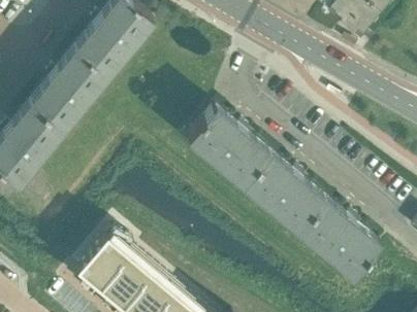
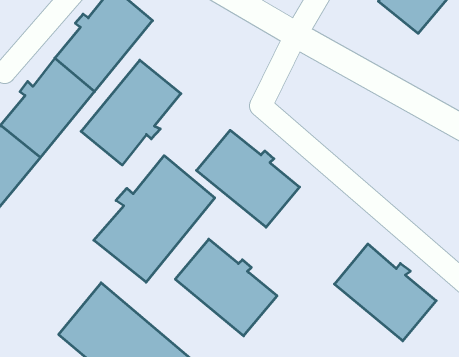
building: none -> [81,60,181,165]
building: none -> [94,156,215,282]
building: [239,152,321,230] -> [175,239,277,336]

